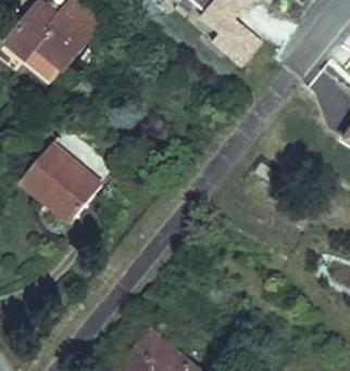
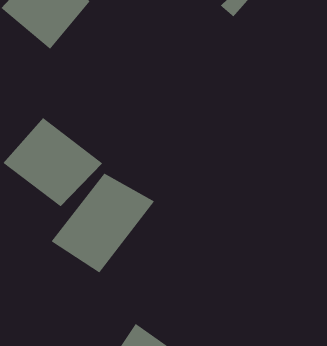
building: none -> [51,172,155,273]

